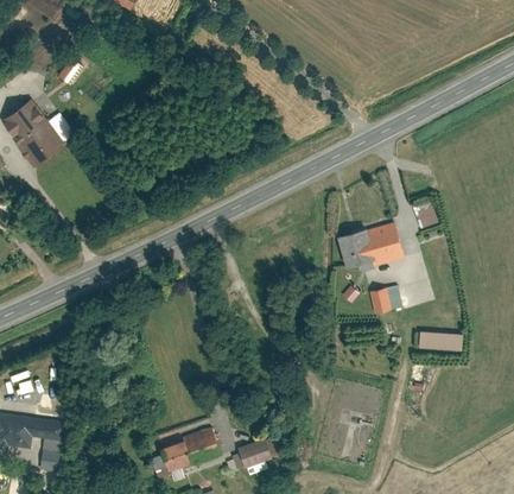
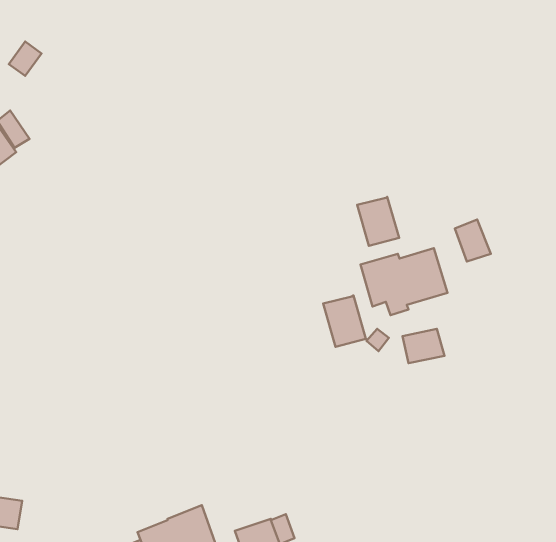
building: none -> [357,197,399,246]
building: none -> [323,295,366,347]
building: [419,329,465,350] -> none

